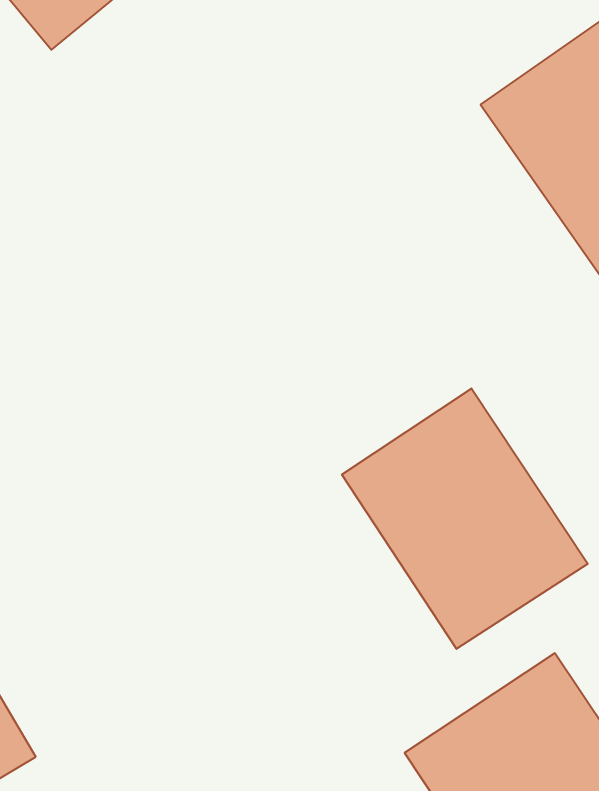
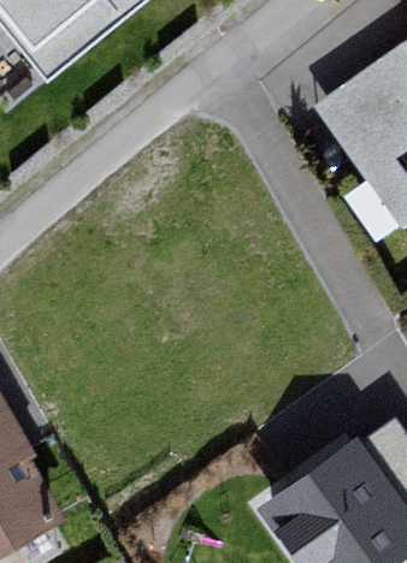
building: [342,388,588,649] -> none

